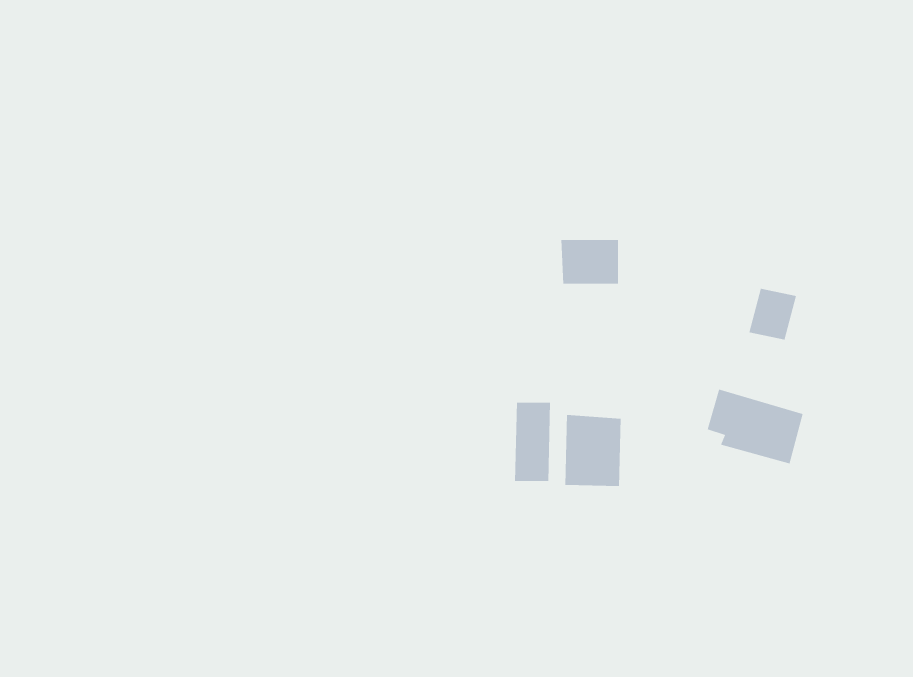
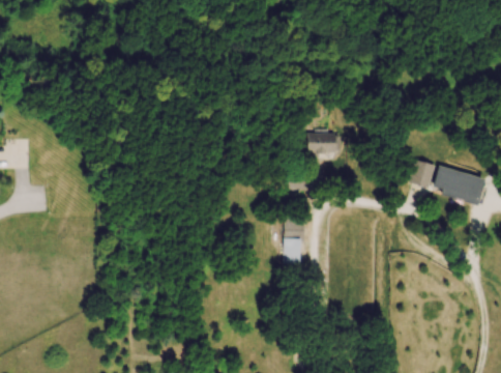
building: [707,389,804,464] -> [432,164,483,204]
building: [565,414,621,487] -> none

